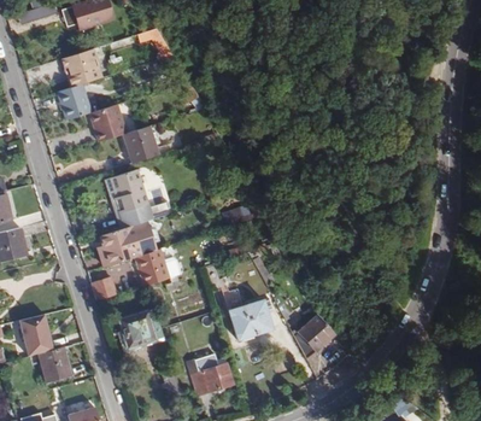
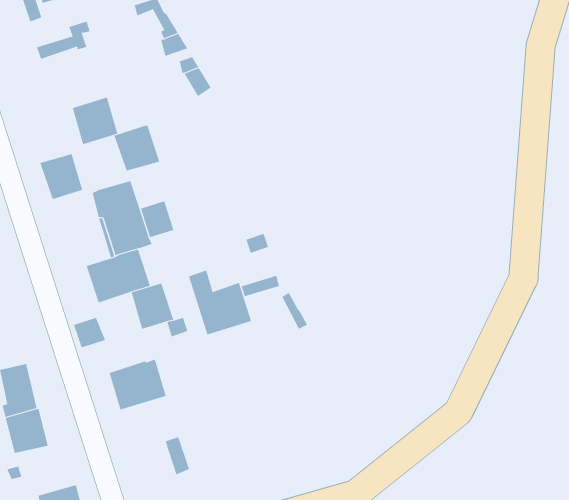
building: [57,83,90,119] -> [40,153,83,200]
building: [222,288,271,339] -> [188,270,252,335]
building: [293,314,334,357] -> none
building: [194,352,234,393] -> none

